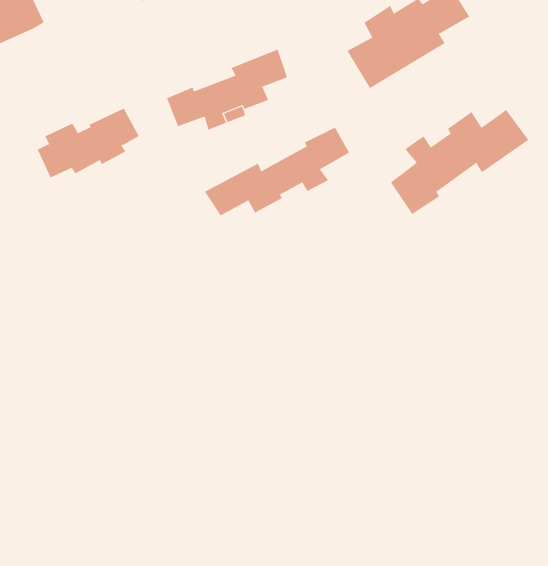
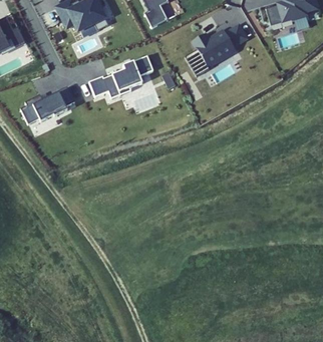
building: [390,109,529,215] -> none
building: [204,127,350,216] -> none

